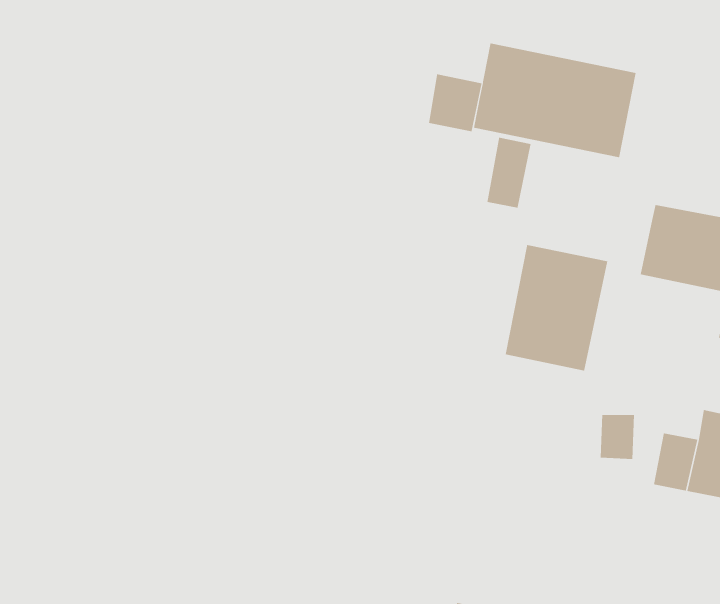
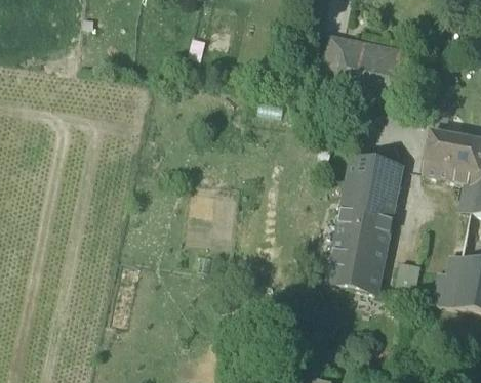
building: [429,74,482,132] -> none
building: [487,137,531,209] -> none
building: none -> [326,221,388,291]

